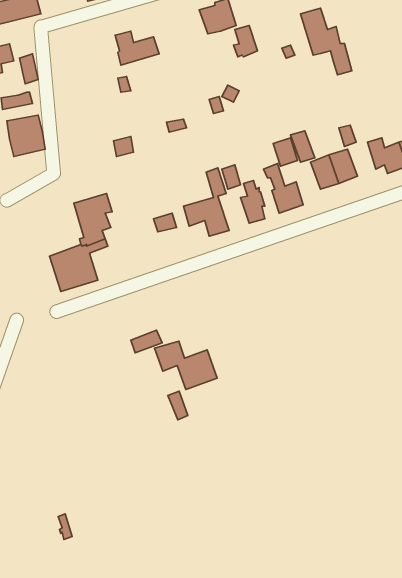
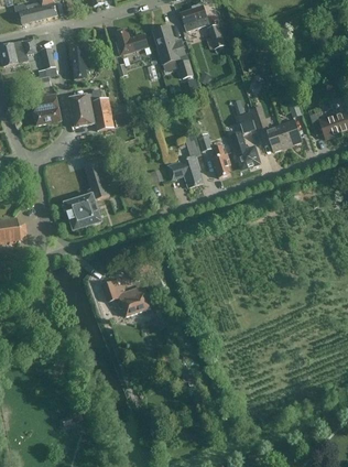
building: [300,8,352,75] -> [153,26,193,78]
building: none -> [68,42,89,79]
building: none -> [69,89,115,133]
building: [154,341,217,390] -> [101,279,150,316]

